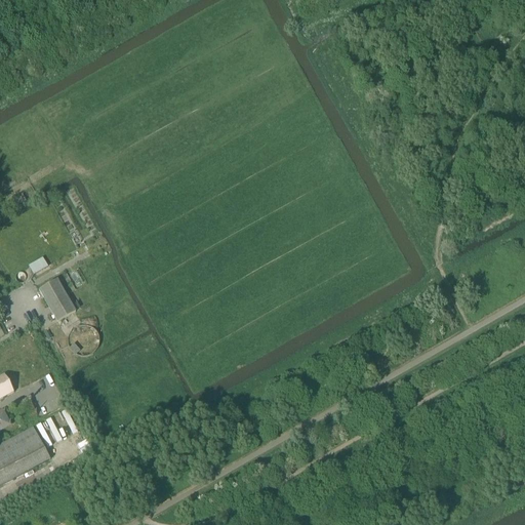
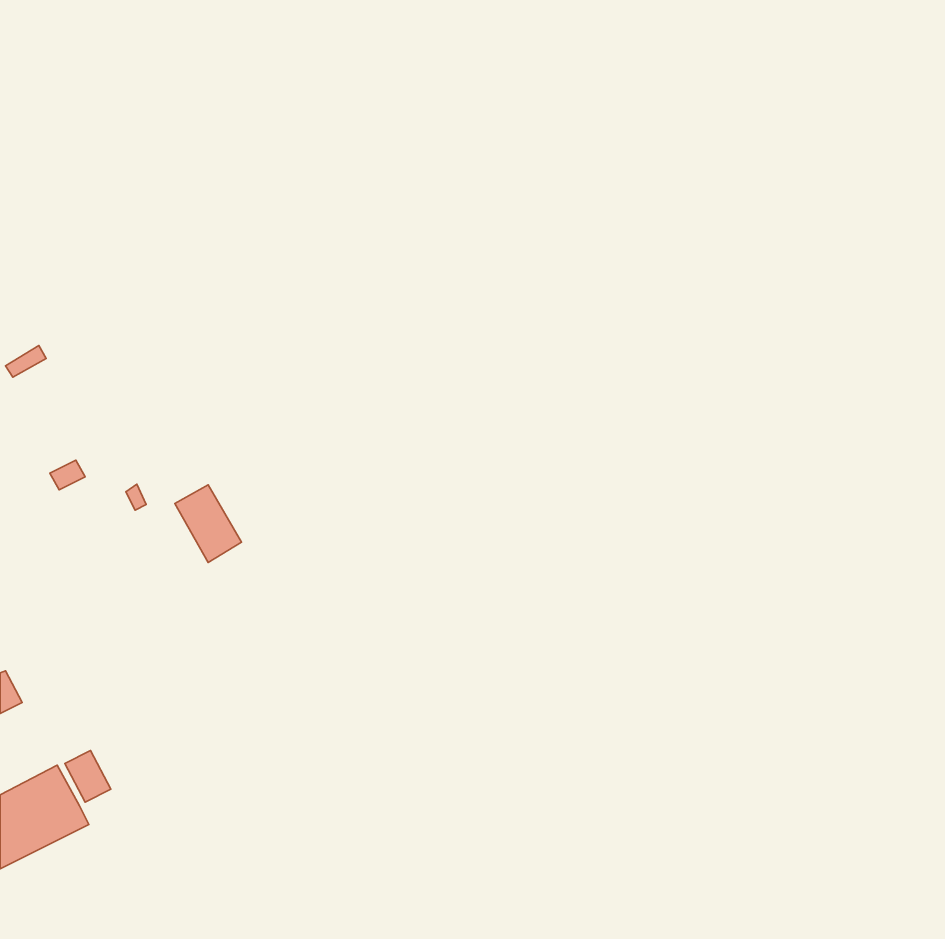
building: [38,277,75,320] -> [175,485,241,563]

